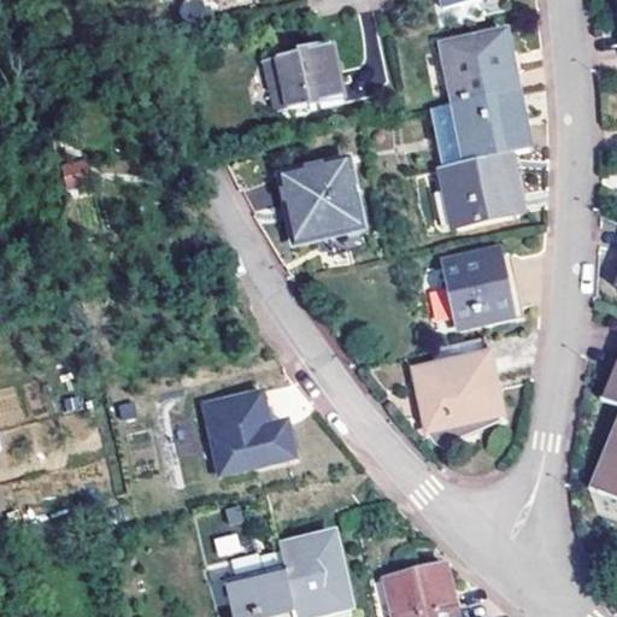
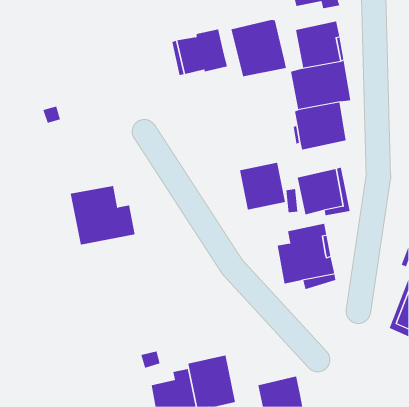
building: none -> [231,19,287,77]
building: [289,164,359,236] -> [239,162,286,210]
building: [198,382,296,471] -> [70,186,135,245]

